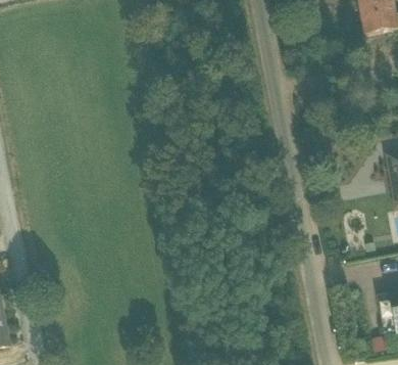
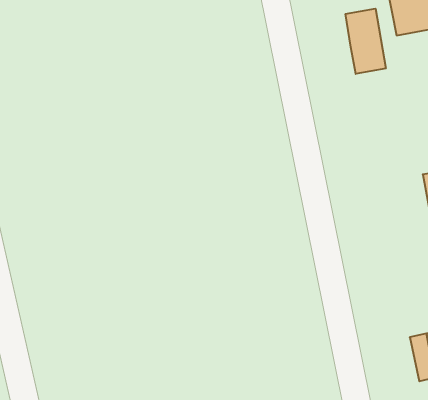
building: none -> [346,9,386,74]

